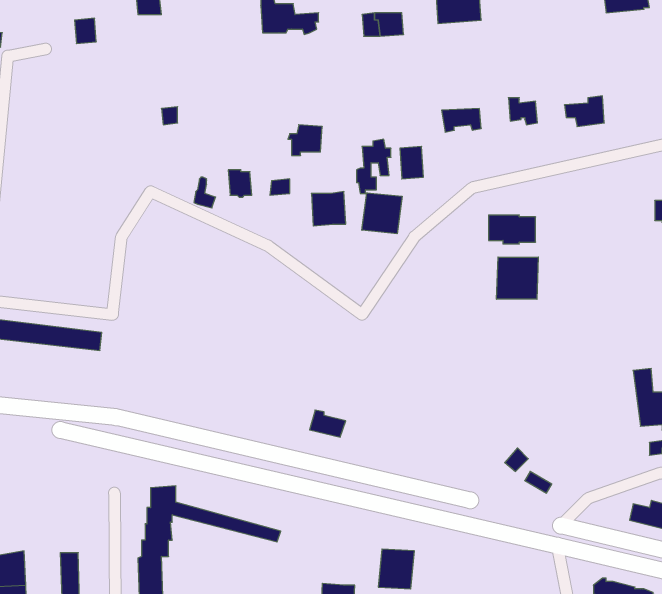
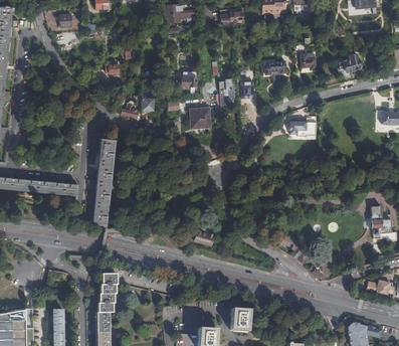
building: [362,193,402,234] -> none
building: none -> [90,140,114,228]
building: [497,257,538,299] -> none

